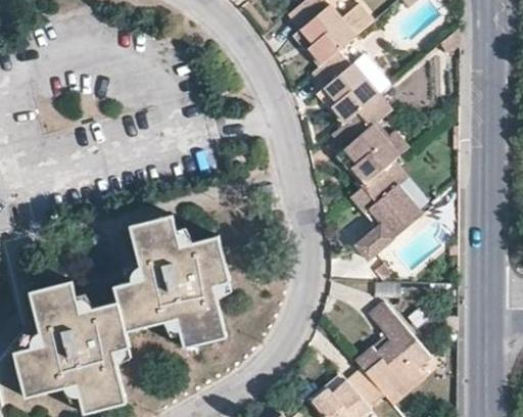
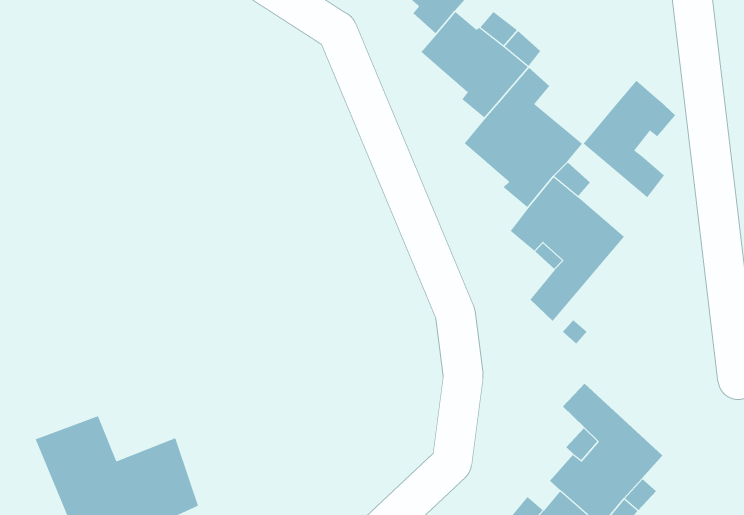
building: none -> [583,80,676,198]
building: [115,216,230,350] -> none

